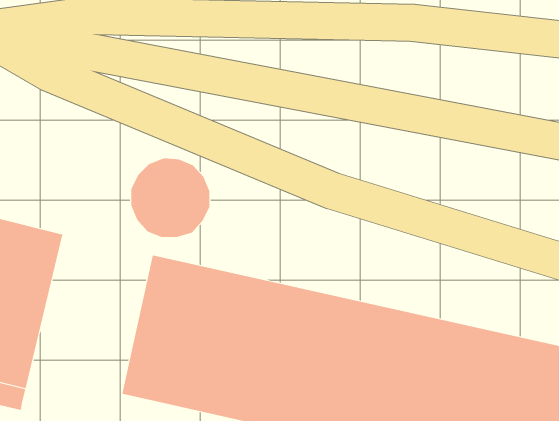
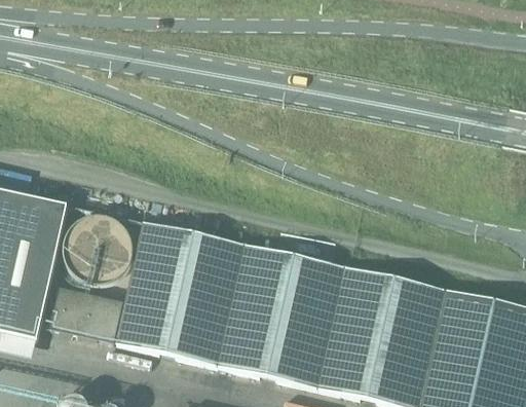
building: [131,158,210,238] -> [63,214,132,283]
building: none -> [51,286,123,341]

